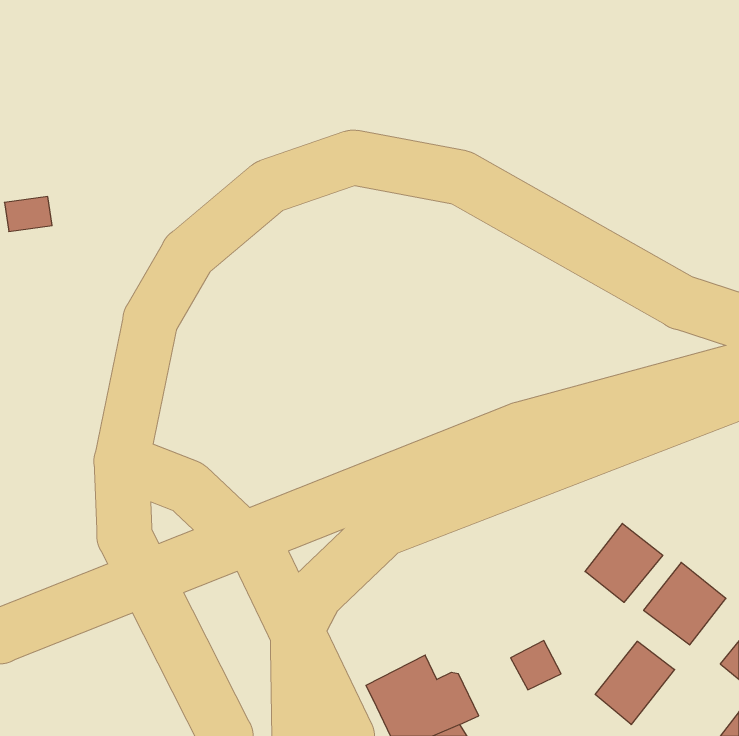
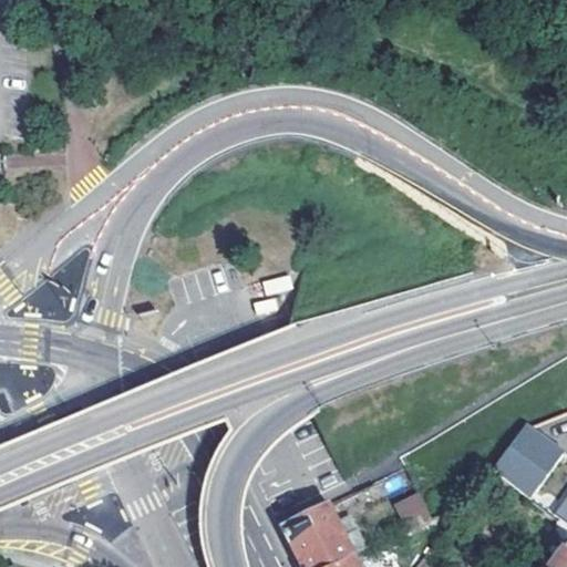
building: [585,523,663,602] -> none
building: [595,641,675,725] -> none

